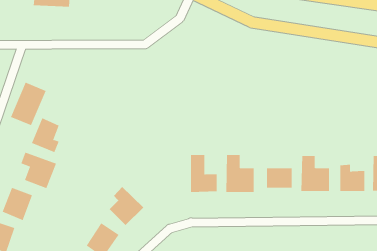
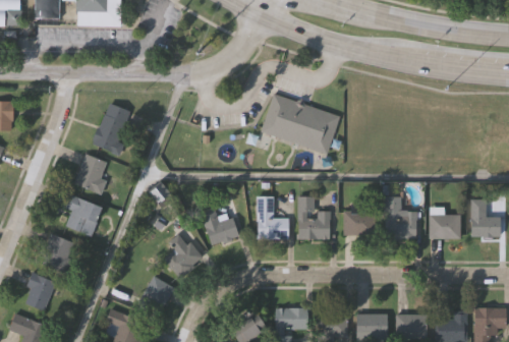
building: none -> [262,93,340,151]
building: [10,82,46,126] -> [92,104,133,155]
building: none -> [200,207,239,247]

